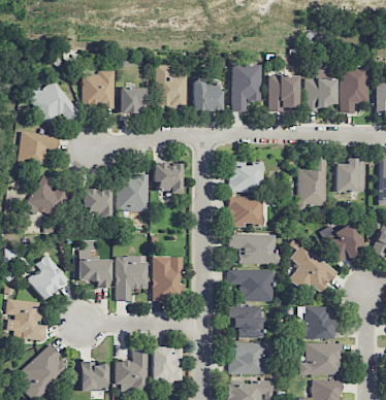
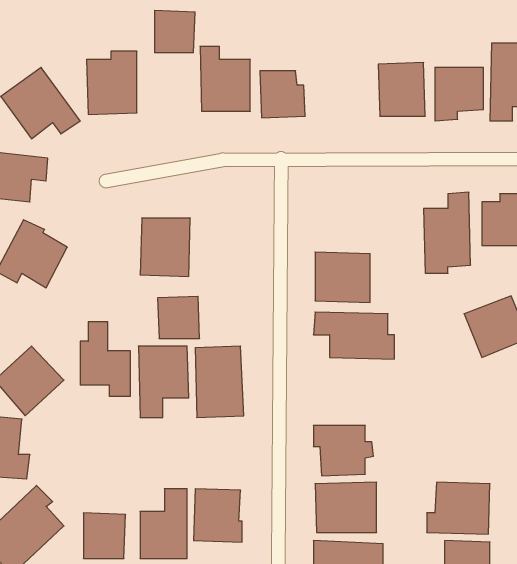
building: [231,64,261,111] -> none
building: [120,87,146,113] -> [155,10,195,53]
building: [228,162,263,192] -> none
building: [154,163,181,192] -> none
building: [84,189,110,215] -> [158,296,200,338]
building: [289,244,337,293] -> none
building: [227,269,272,301] -> none
building: [302,306,332,339] -> none

